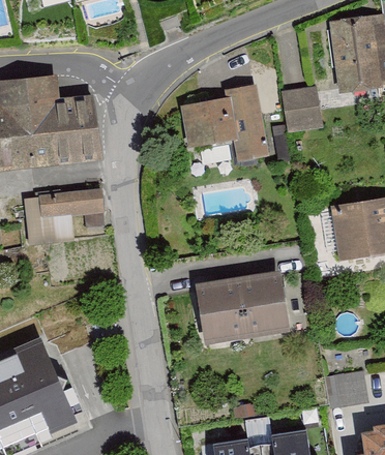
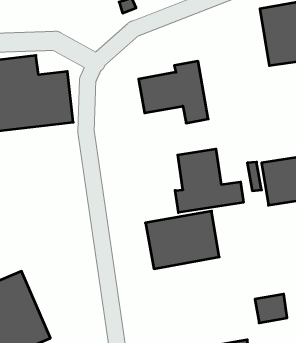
building: [283,88,321,127] -> none
building: [19,185,98,238] -> none
building: none -> [175,149,243,213]

